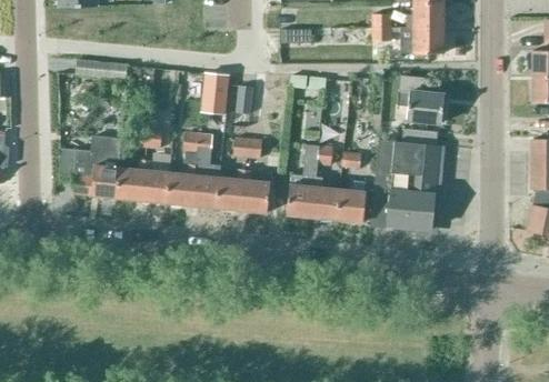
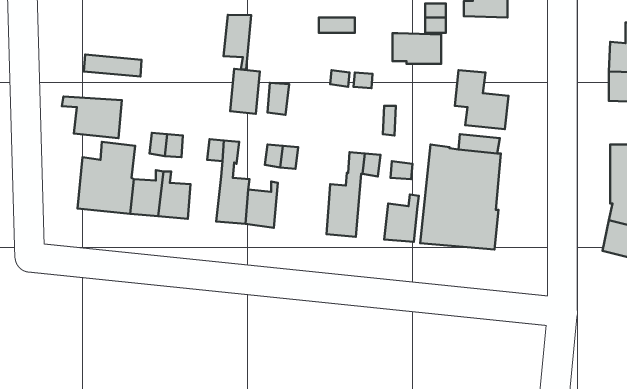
building: none -> [224,15,251,69]
building: [402,27,445,53] -> [392,33,441,64]
building: none -> [62,97,122,138]
building: [168,164,197,204] -> none
building: [242,171,271,212] -> none
building: [313,177,341,220] -> none

